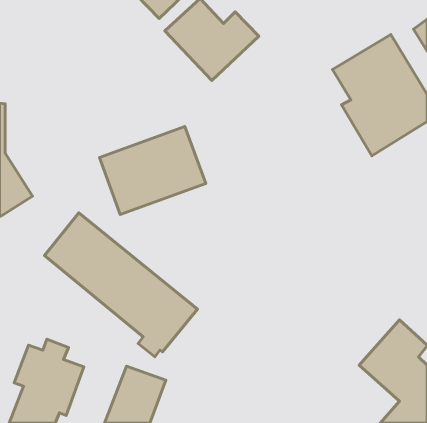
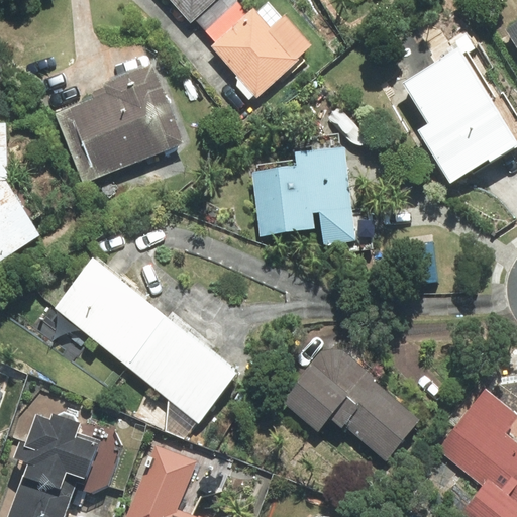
building: none -> [251,149,370,254]
building: [99,127,206,215] -> [56,77,184,183]
building: none -> [280,334,417,460]

